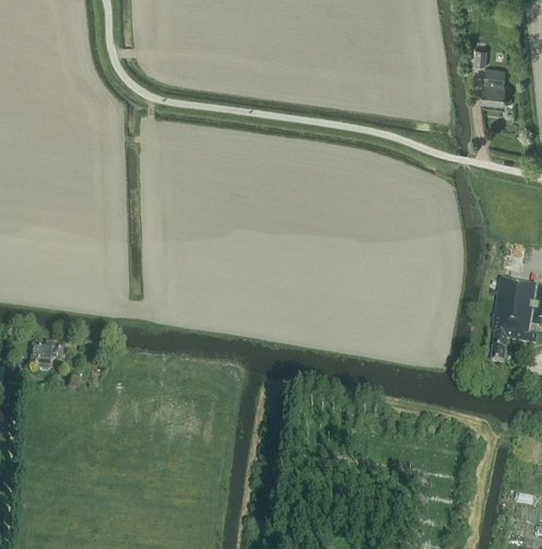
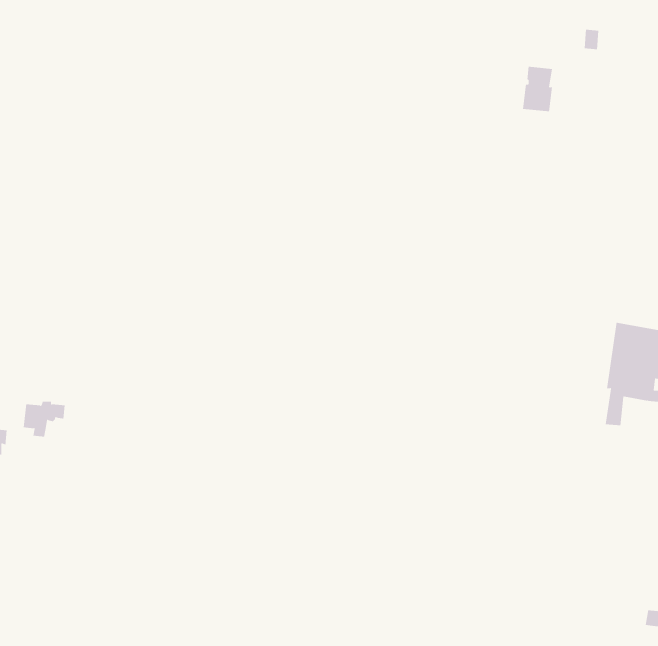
building: [481,66,505,102] -> [522,66,553,112]

